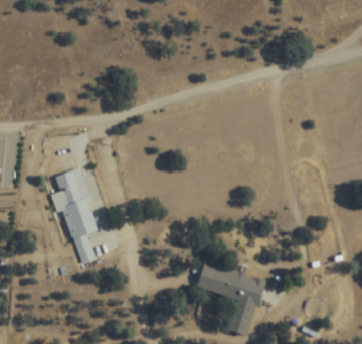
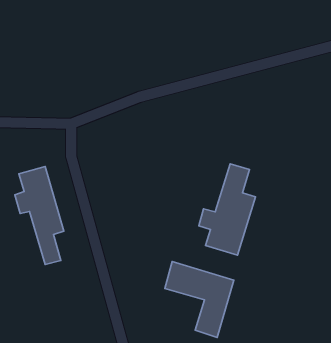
building: none -> [199,164,255,255]

